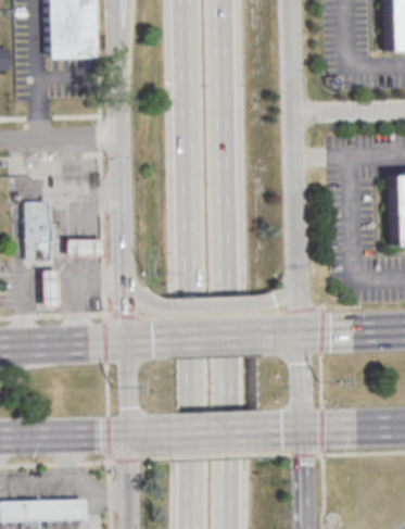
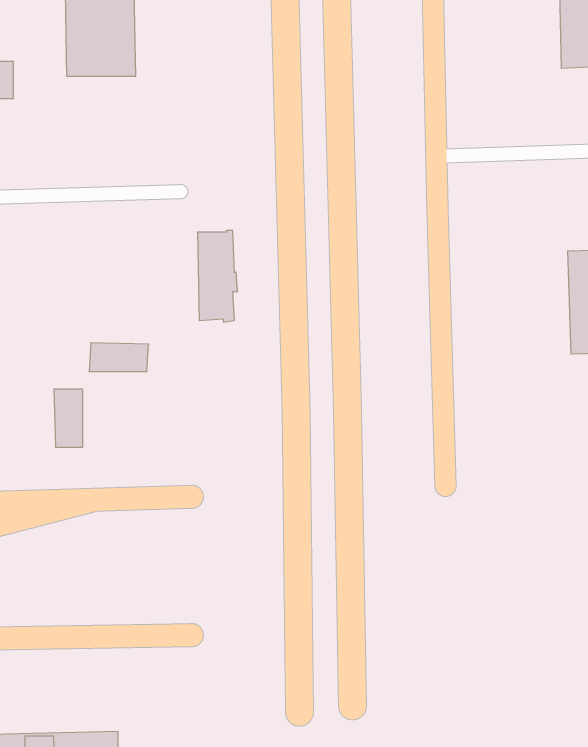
building: [25,200,52,262] -> [197,231,238,322]

